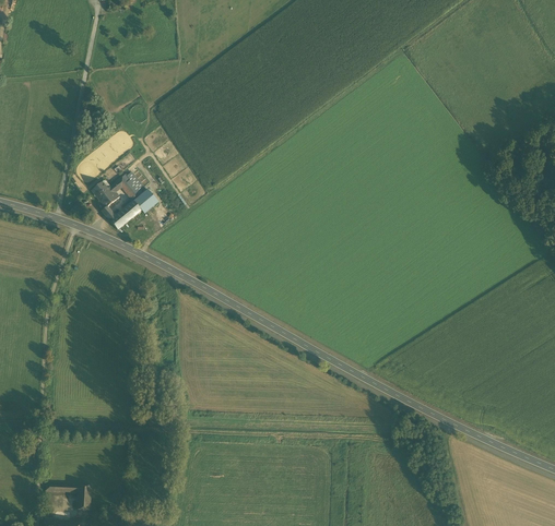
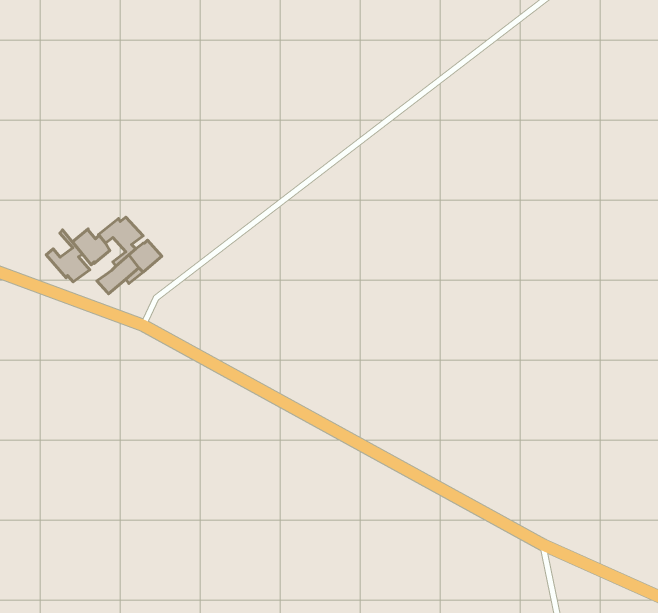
building: none -> [46,230,90,282]

